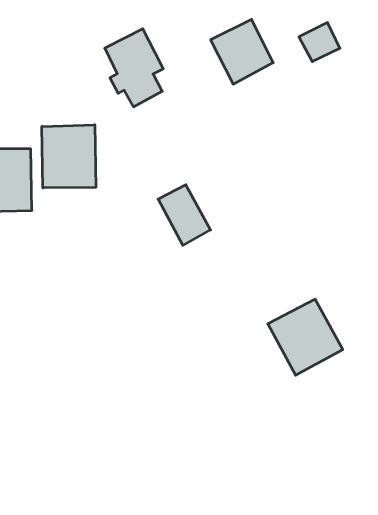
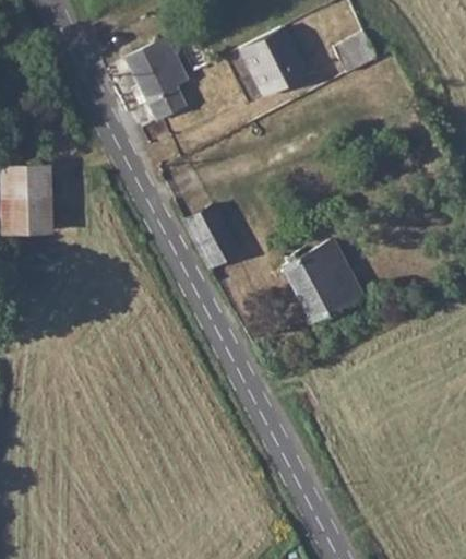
building: [42,125,96,188] -> none
building: [268,299,343,375] -> [283,240,362,321]

